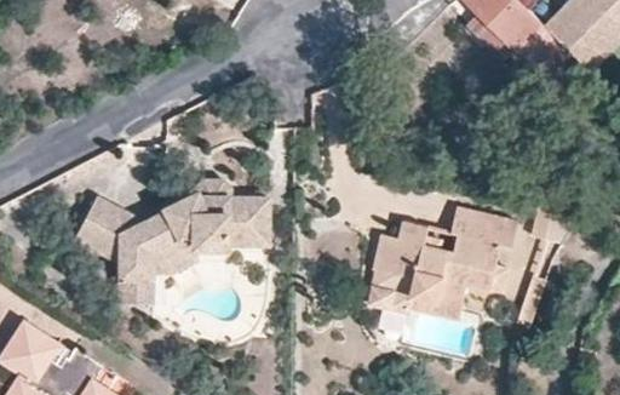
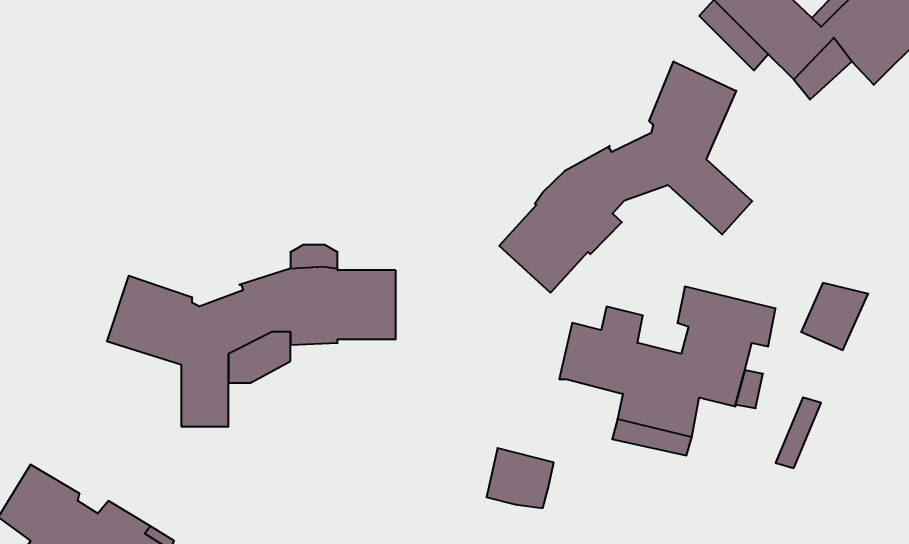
building: none -> [499,61,752,293]
building: [372,268,417,308] -> [486,448,554,508]

